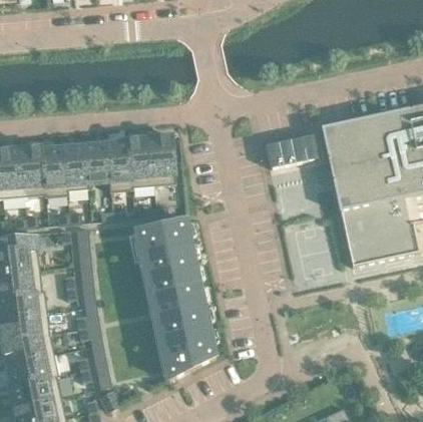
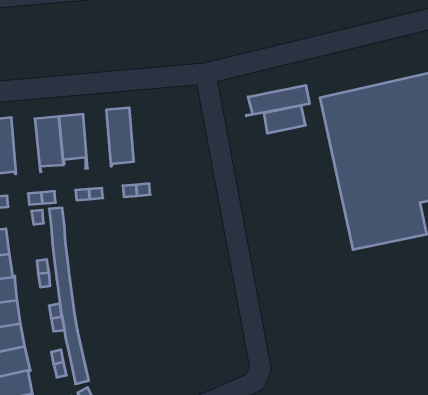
building: none -> [246,85,309,116]
building: [148,133,175,184] -> none
building: [106,137,131,190] -> none
building: [41,144,67,195] -> none
building: [136,219,215,378] -> none

